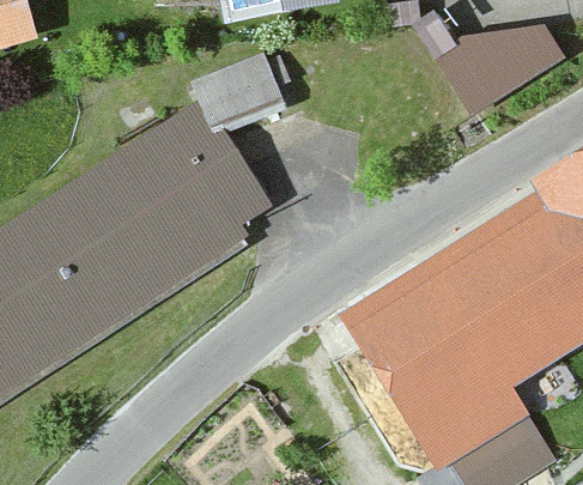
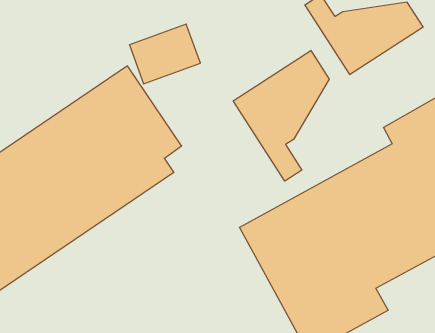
building: none -> [233,50,329,181]

